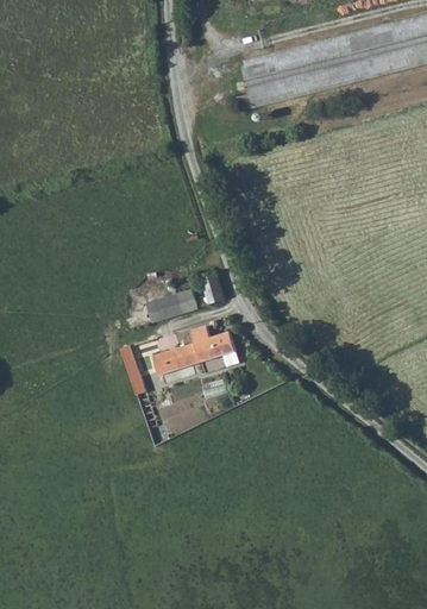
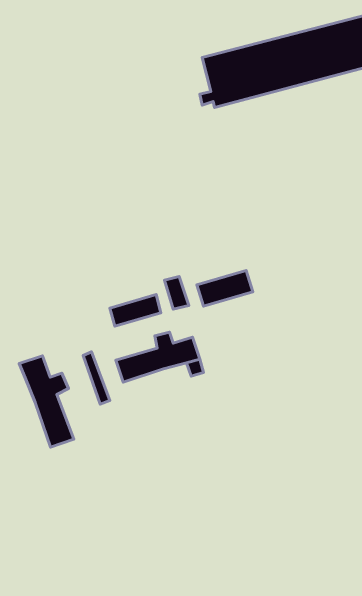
building: none -> [197,270,253,306]
building: none -> [19,356,74,447]

